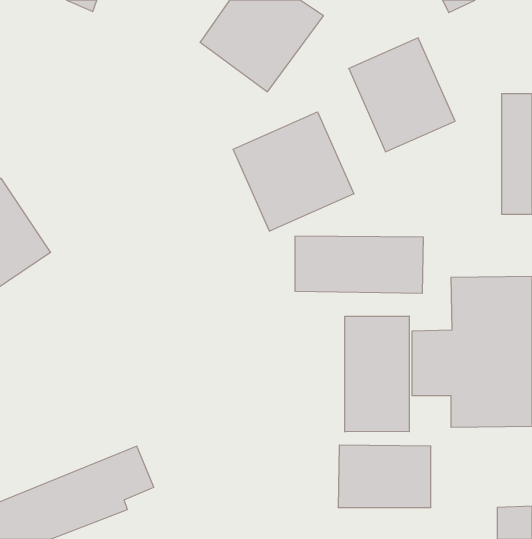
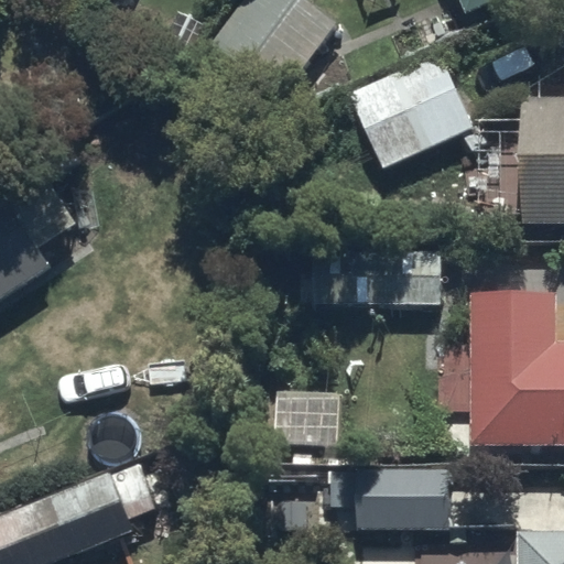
building: [233,112,354,231] -> none
building: [345,316,409,432] -> none

